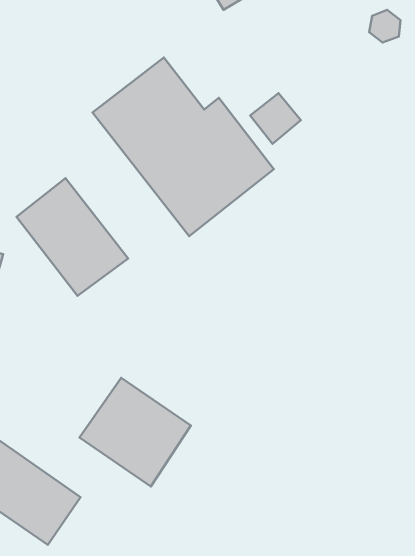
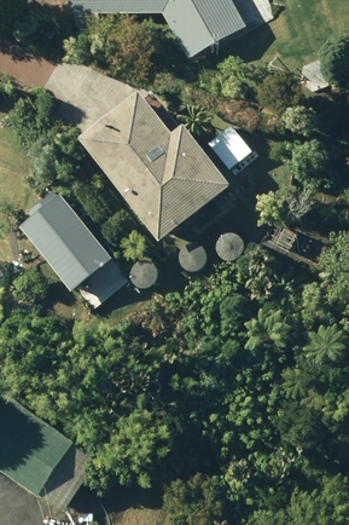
building: [80,378,191,487] -> none

